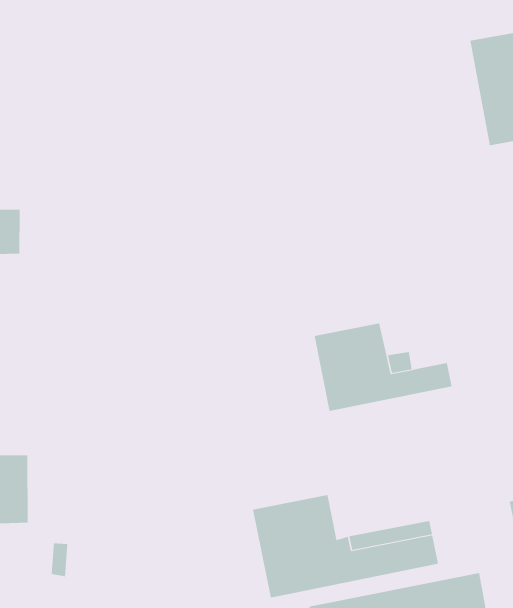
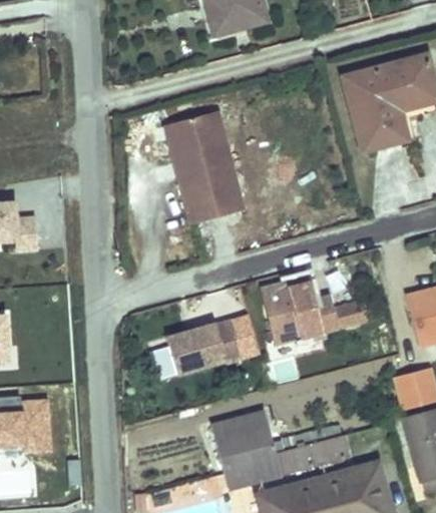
building: none -> [165,108,244,222]
building: none -> [151,315,258,379]

